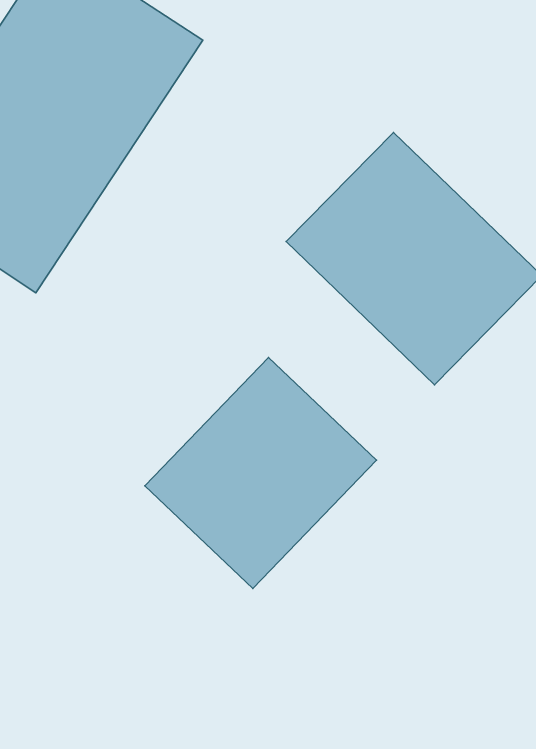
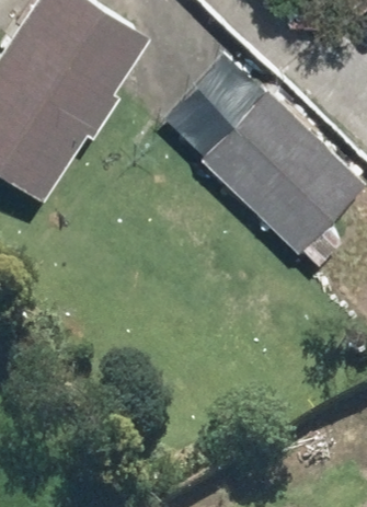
building: [145,358,377,588] -> none

